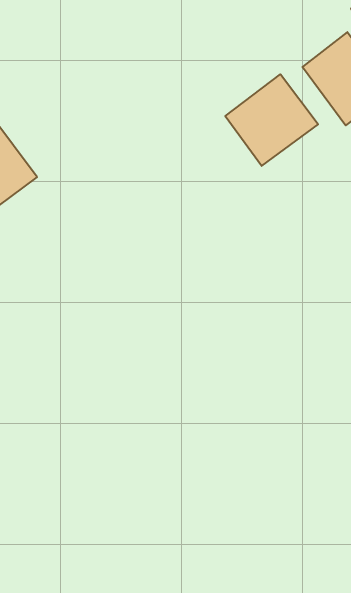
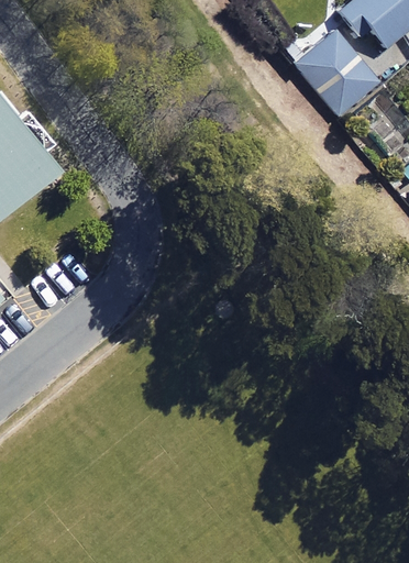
building: [225,74,318,166] -> none

